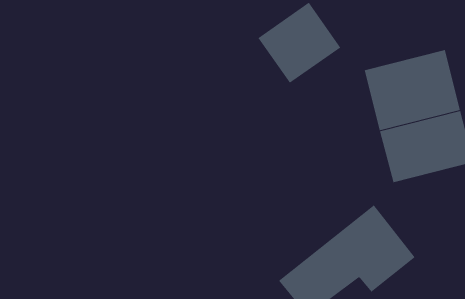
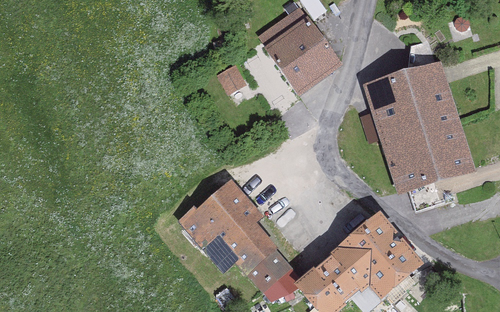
building: none -> [185,185,292,298]

